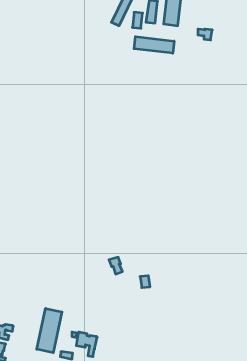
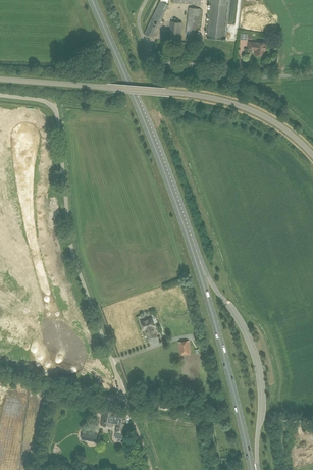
building: [134,37,174,53] -> none
building: [37,308,62,353] -> none

